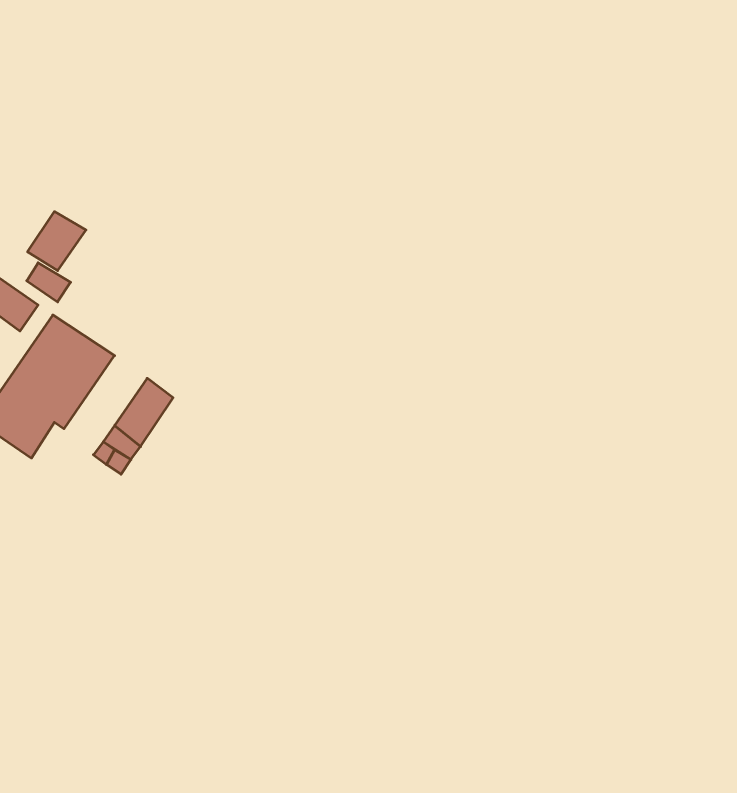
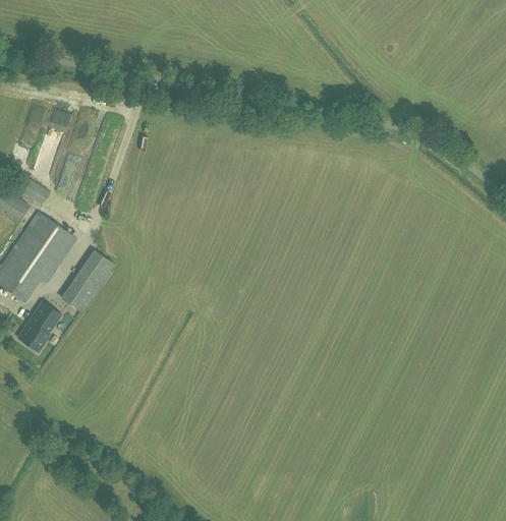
building: [28,212,86,271] -> none
building: none -> [17,301,61,351]

